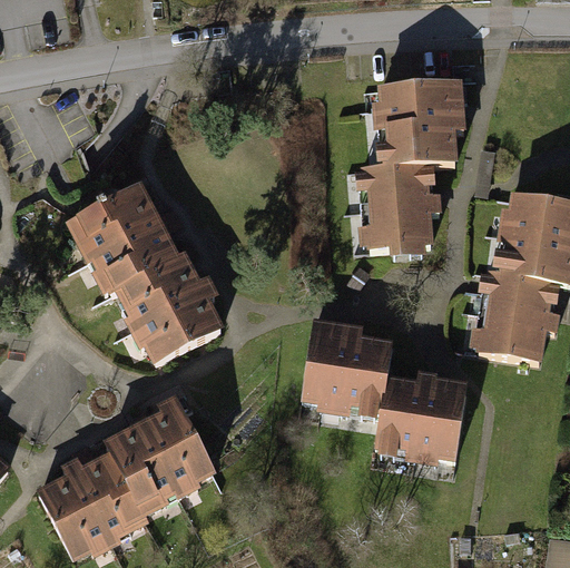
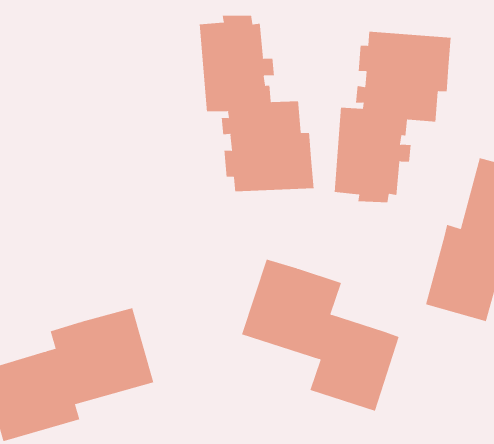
building: none -> [199,15,314,192]
building: [68,183,226,359] -> none

